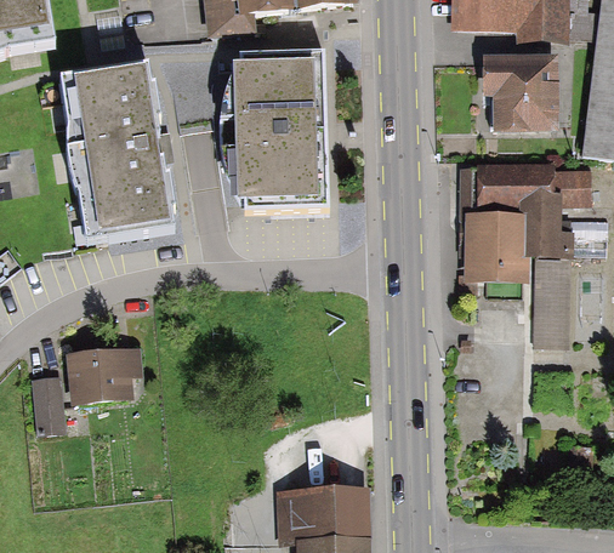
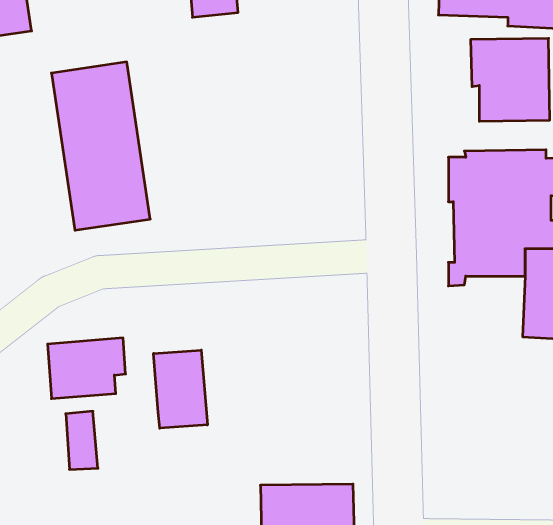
building: [238,63,322,209] -> none
building: none -> [154,350,207,428]
building: [33,374,64,431] -> [66,411,98,469]

